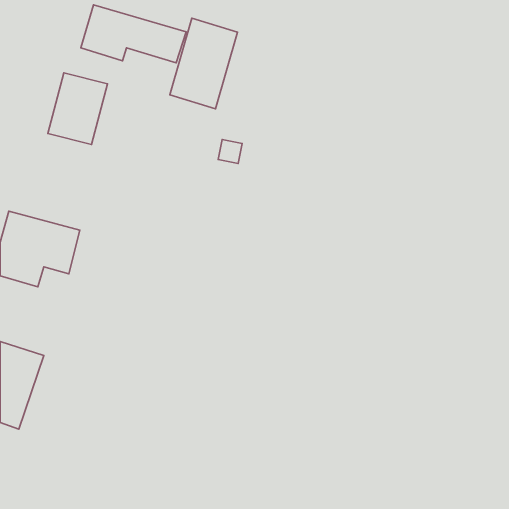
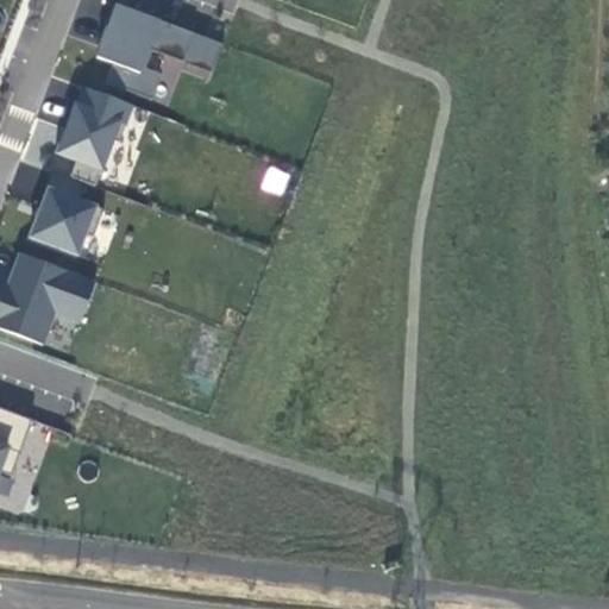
building: [170,18,238,109] -> none
building: none -> [30,186,99,255]

